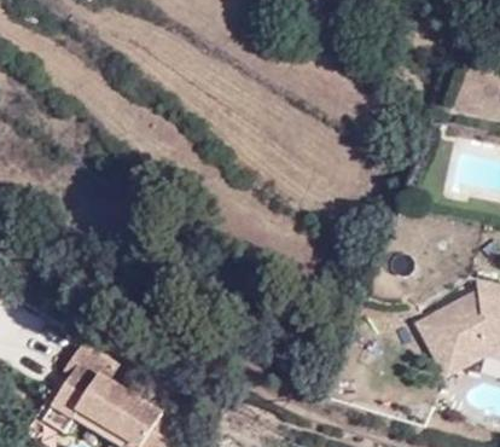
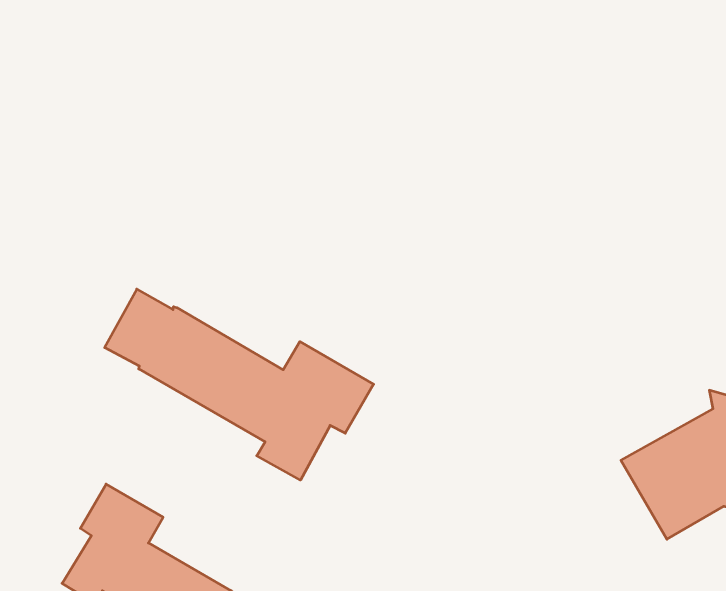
building: none -> [105,289,374,480]

